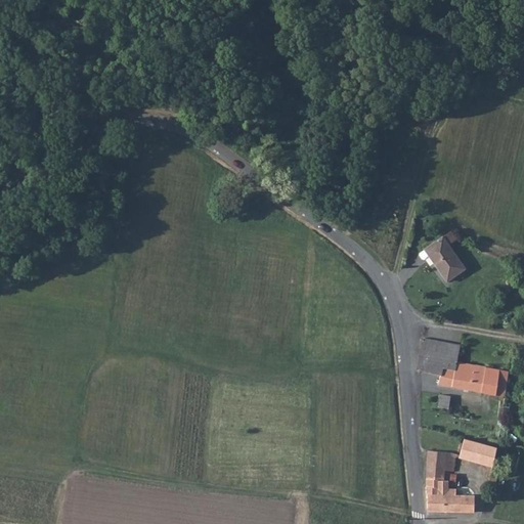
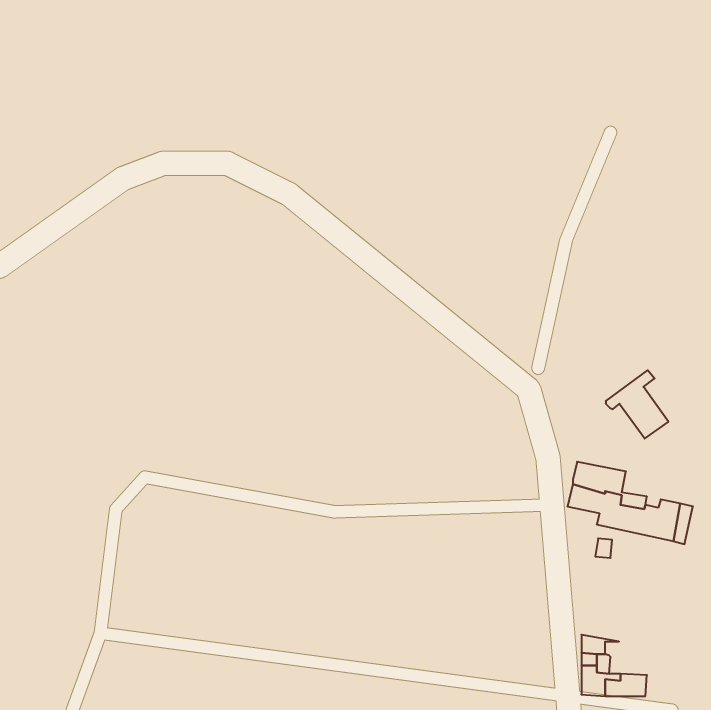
building: [420,231,466,281] -> [606,370,668,439]
building: [460,439,497,467] -> none
building: [427,450,454,471] -> none

